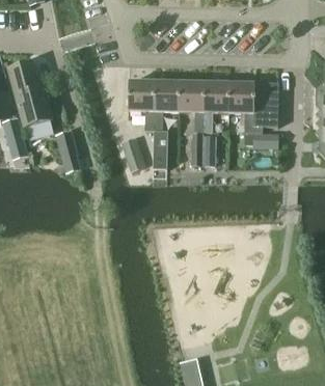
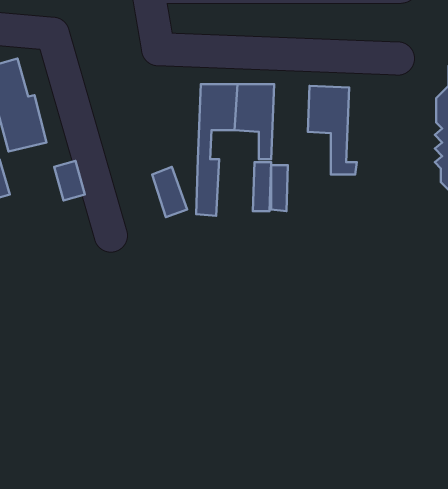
building: [128,77,156,130] -> none
building: [204,79,229,131] -> none
building: [254,81,280,132] -> none

